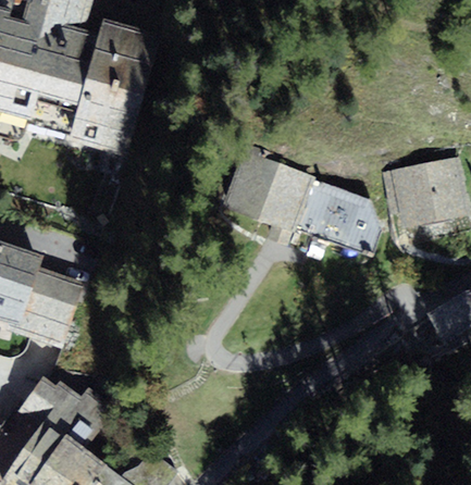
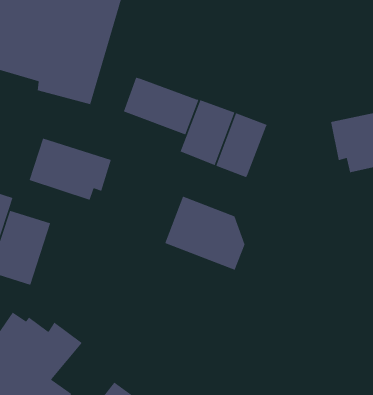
building: none -> [123,77,199,135]
building: [294,177,381,258] -> [164,196,245,271]
building: none -> [29,137,112,201]

